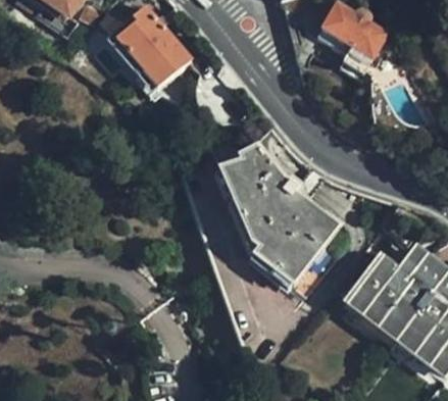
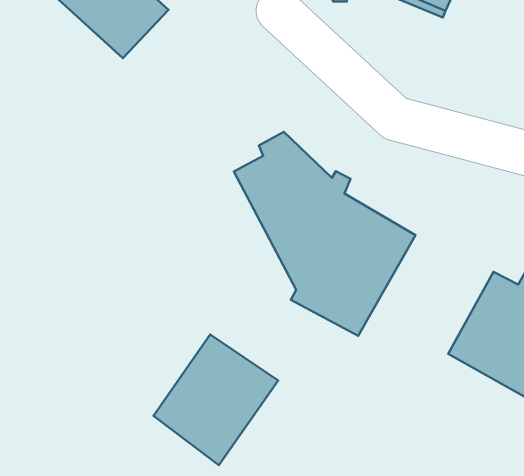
building: none -> [153,334,278,465]

